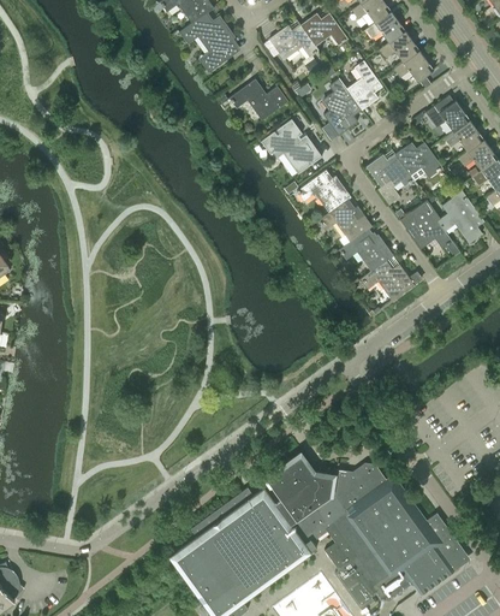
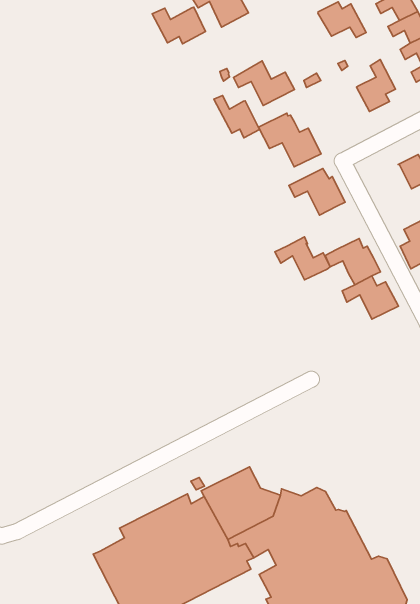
building: [268,26,317,60] -> none
building: none -> [152,7,206,44]
building: [322,79,361,136] -> none
building: none -> [214,96,260,138]
building: [365,155,412,205] -> none
building: [319,202,371,242] -> [275,237,330,280]

